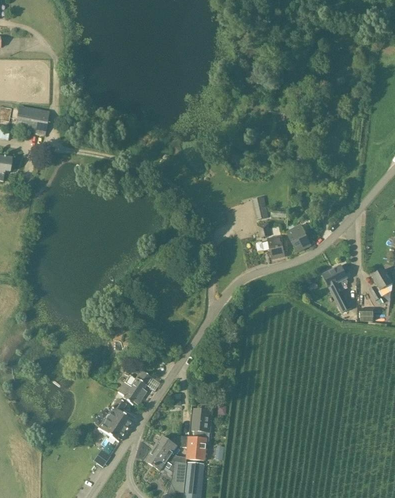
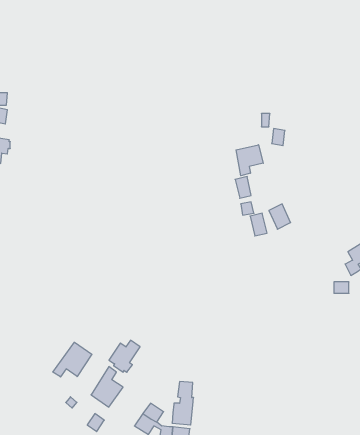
building: [15,107,48,134] -> none
building: none -> [236,145,263,176]
building: [322,264,351,311] -> none
building: none -> [53,342,92,377]

